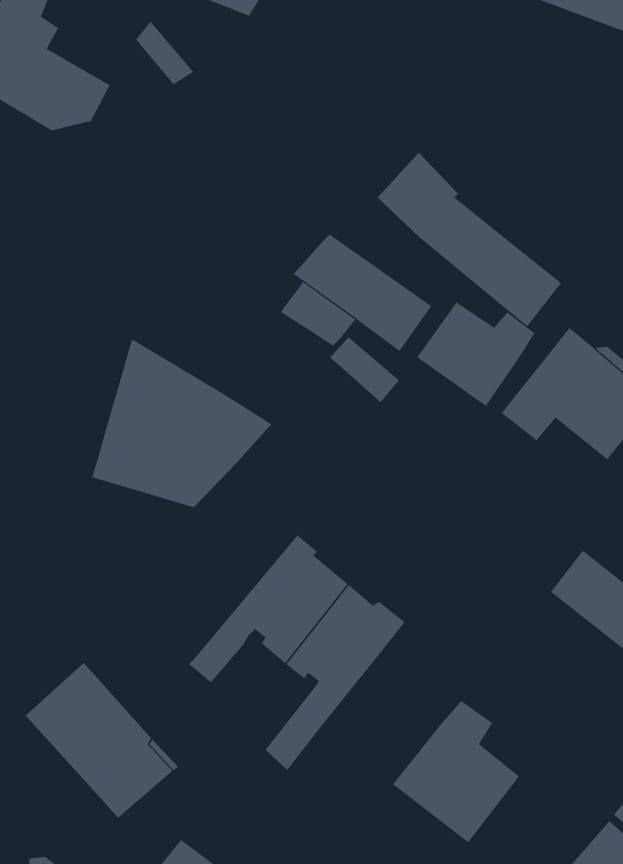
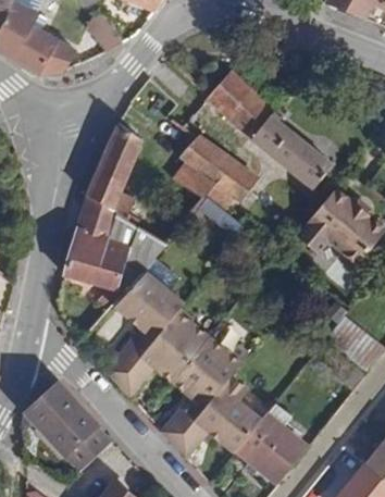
building: none -> [208,70,250,115]
building: none -> [86,123,142,226]
building: [416,301,535,407] -> none
building: none -> [105,268,186,380]
building: none -> [174,373,261,455]

